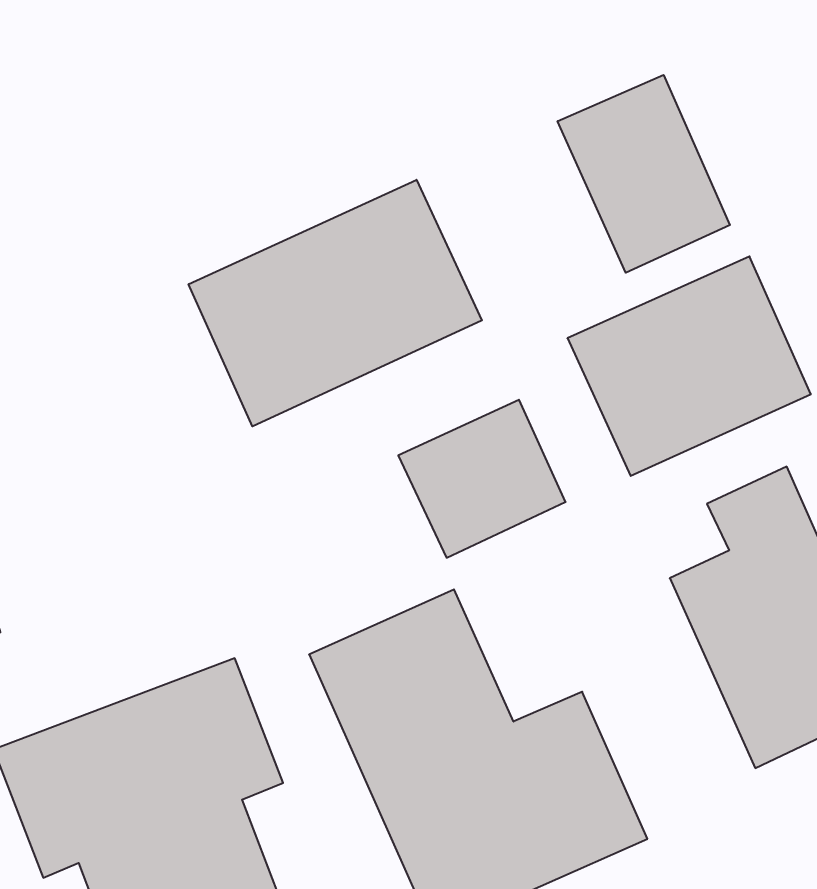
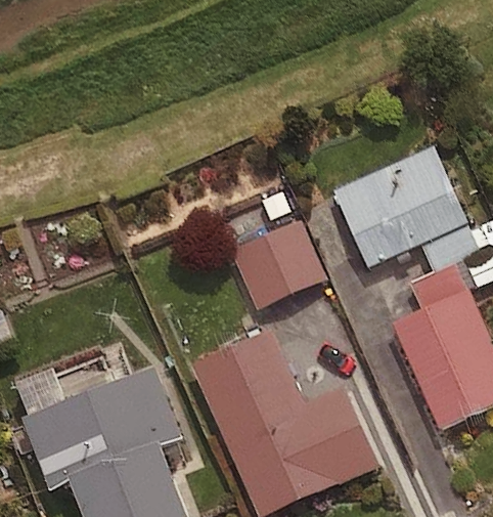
building: [558,75,730,273] -> none
building: [189,180,482,426] -> none

